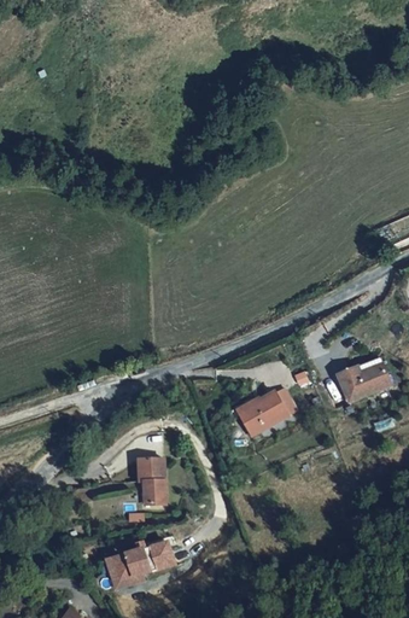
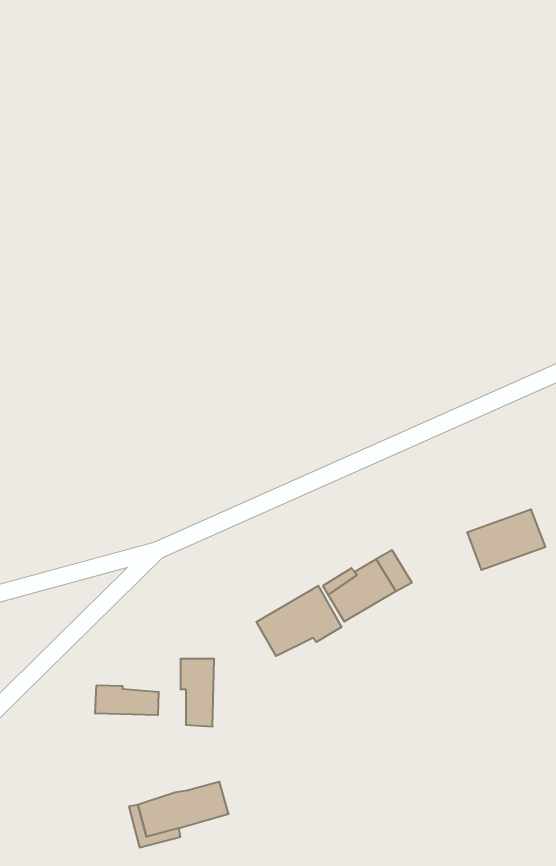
building: none -> [256,586,342,656]
building: none -> [95,685,159,715]

